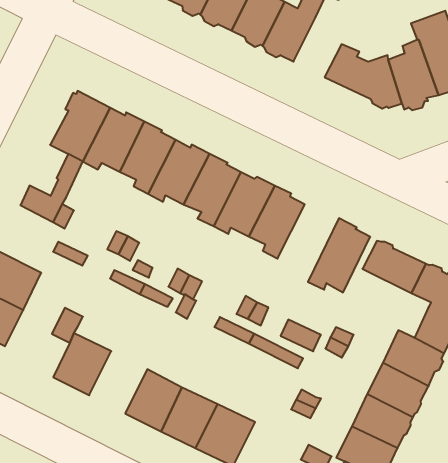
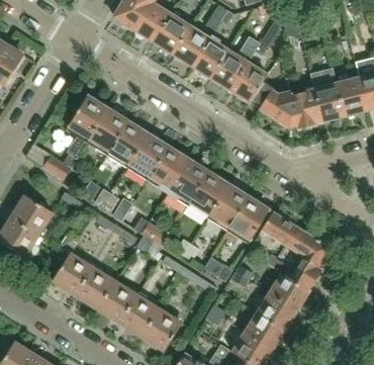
building: none -> [230,63,267,102]
building: none -> [207,184,250,226]
building: none -> [76,267,115,308]

